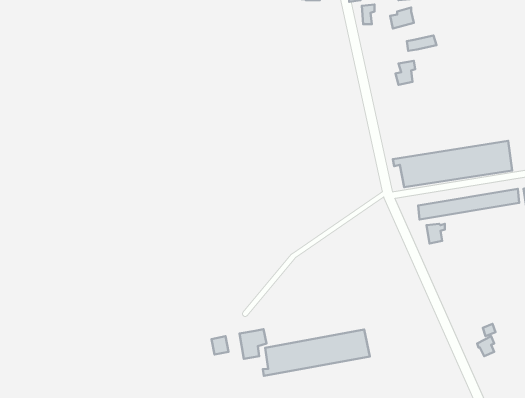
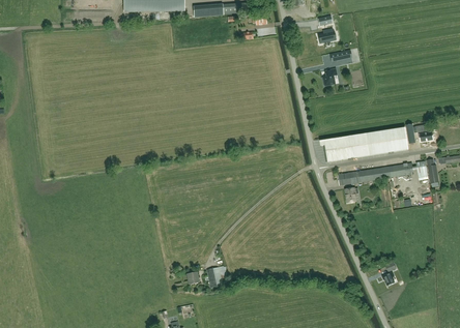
building: [263,329,370,376] -> none

